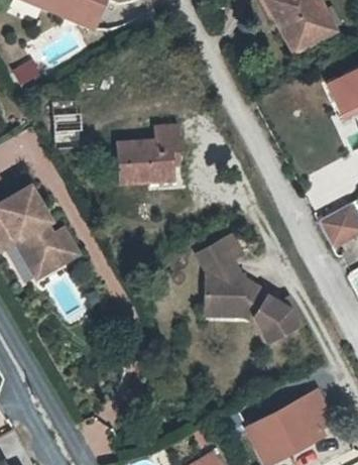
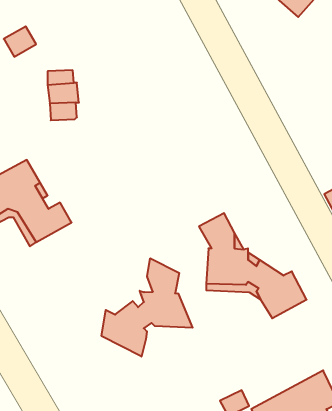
building: [118,125,182,186] -> none
building: none -> [102,258,193,357]

